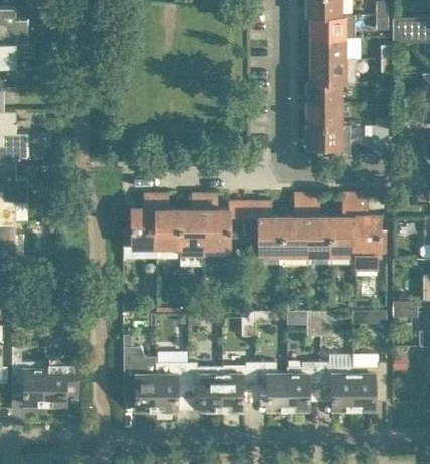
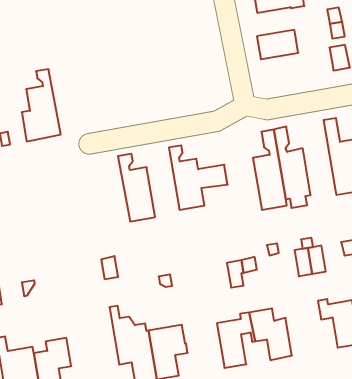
building: [305,81,341,104] -> none
building: [305,126,349,156] -> none
building: [330,193,354,262] -> none
building: [123,194,156,259] -> [22,69,61,141]
building: [180,194,204,266] -> none
building: [258,202,282,263] -> none
building: [286,362,320,410] -> none
building: [188,363,222,411] -> none

